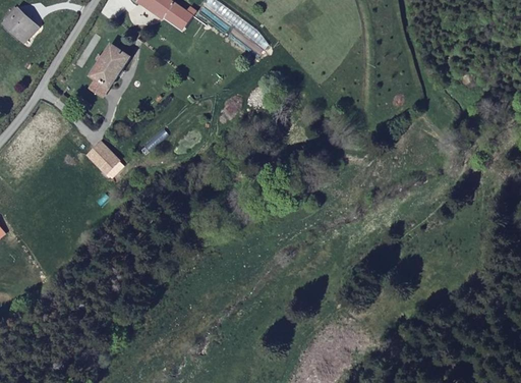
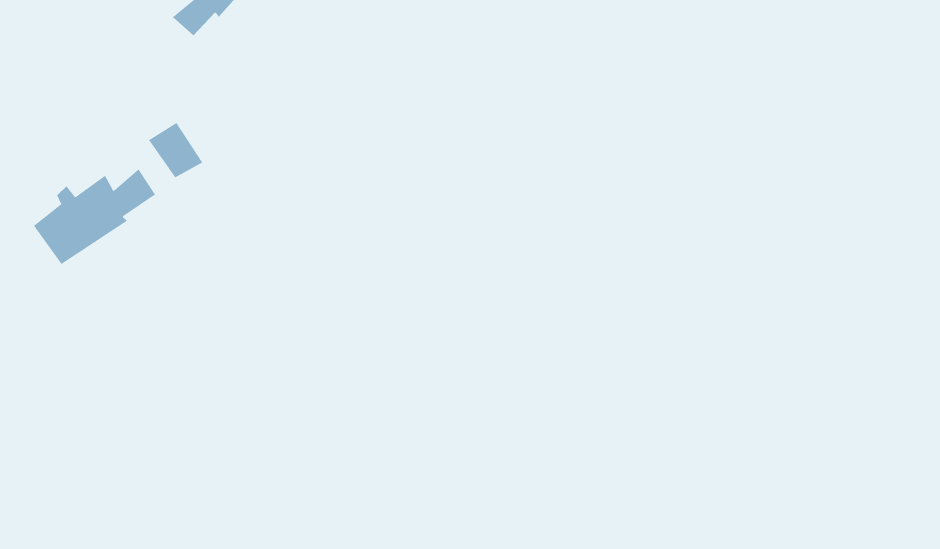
building: none -> [33,169,156,265]

